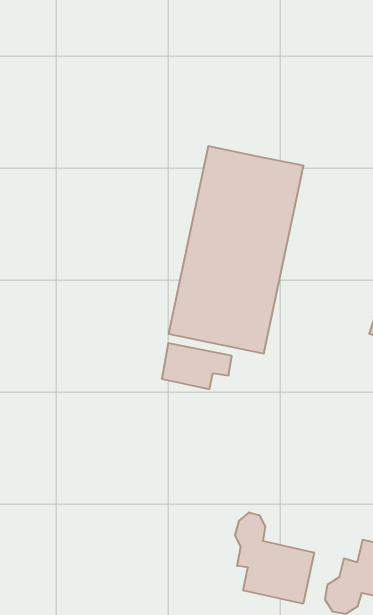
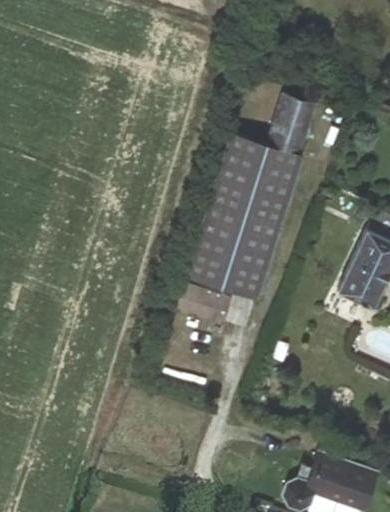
building: none -> [267,96,316,157]
building: [235,512,314,604] -> none

